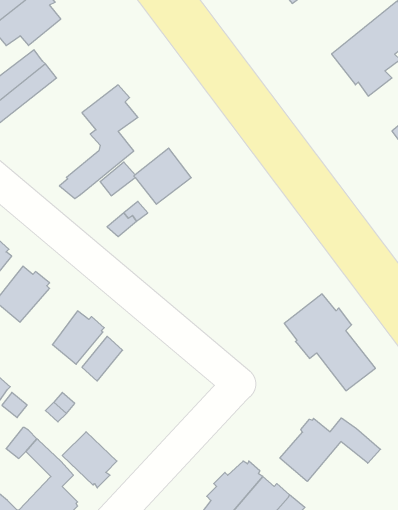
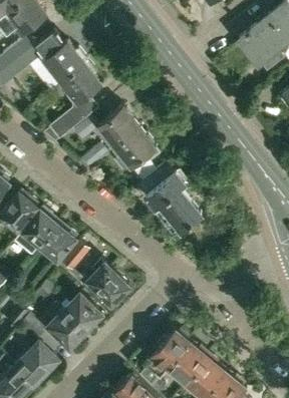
building: none -> [43,42,86,81]
building: none -> [113,127,159,167]
building: none -> [21,207,57,247]
building: [284,294,375,391] -> [136,161,202,231]
building: none -> [86,259,128,305]
building: none -> [63,293,102,330]
building: [280,418,381,481] -> none

